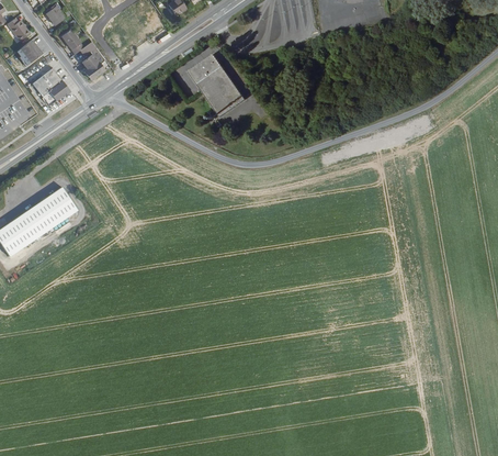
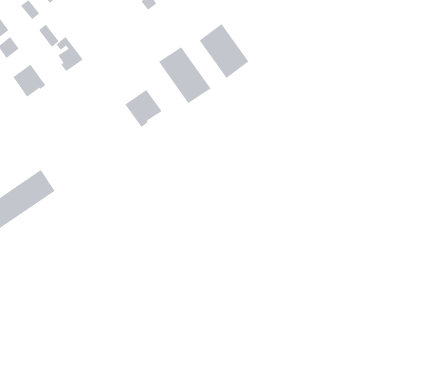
building: none -> [199,23,249,79]
building: none -> [125,89,162,128]

